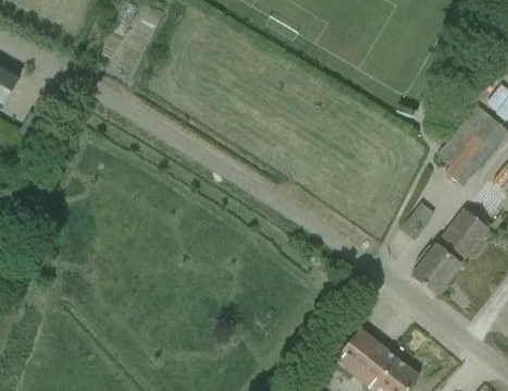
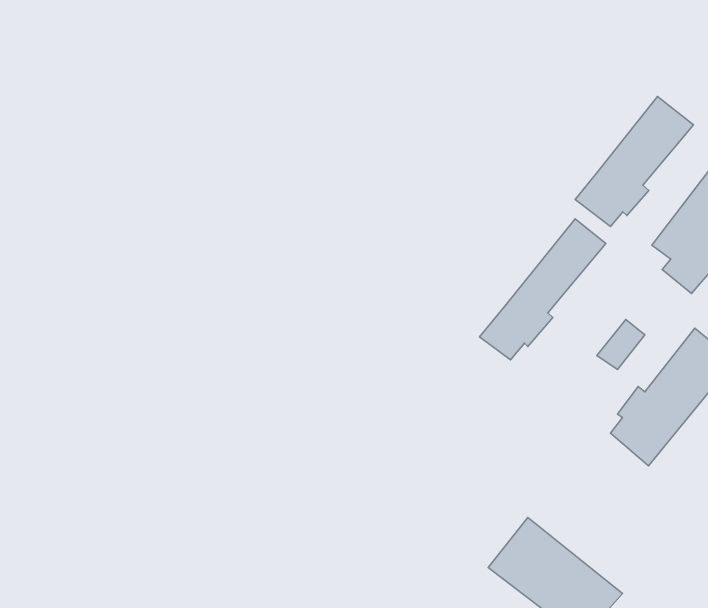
building: none -> [575,96,693,226]
building: none -> [480,219,606,360]

